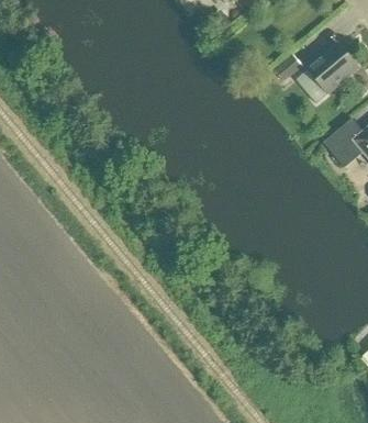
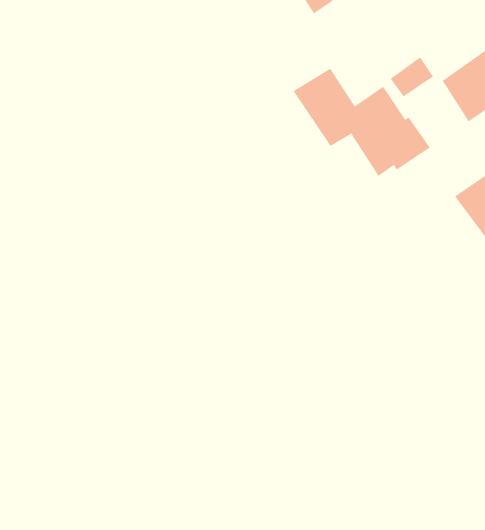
building: none -> [293,68,431,177]

